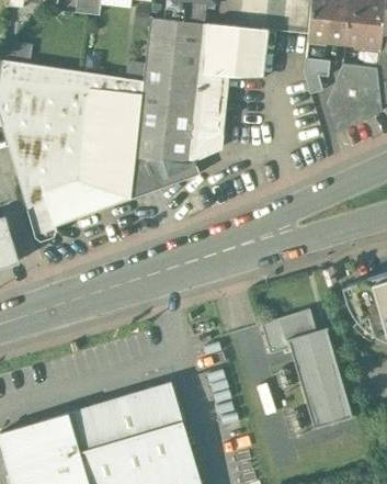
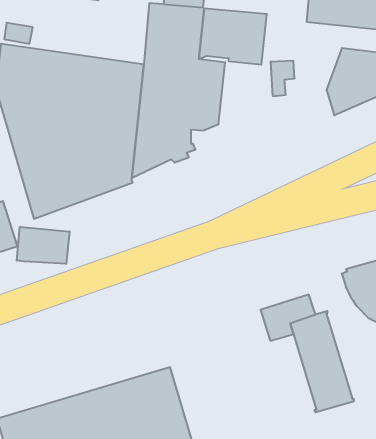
building: [306,56,330,91] -> [270,61,295,96]
building: none -> [17,227,70,264]

